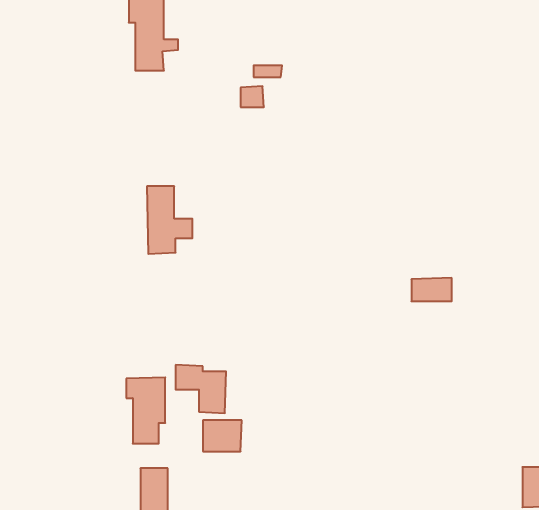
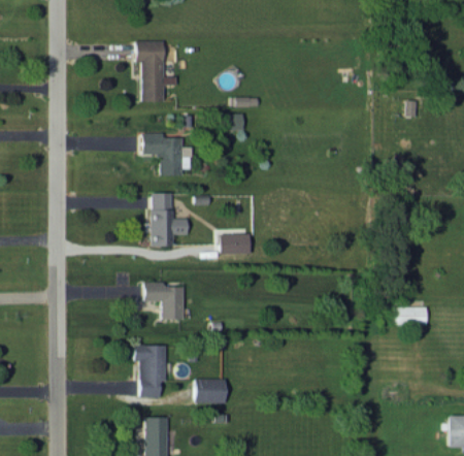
building: none -> [141,133,191,175]
building: none -> [219,232,250,254]
building: [411,278,452,301] -> [394,306,426,325]
building: [176,365,226,413] -> [143,282,184,320]

